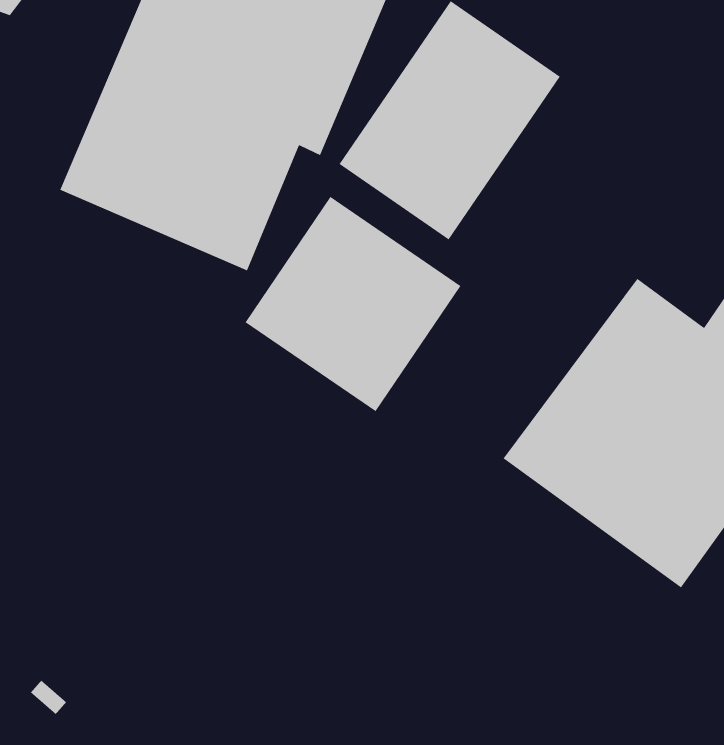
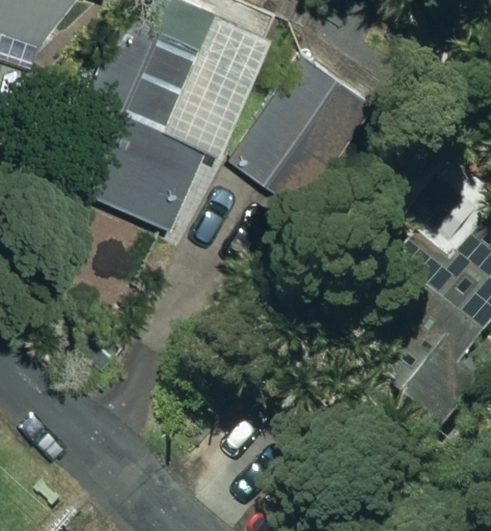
building: [244,196,461,412] -> none

